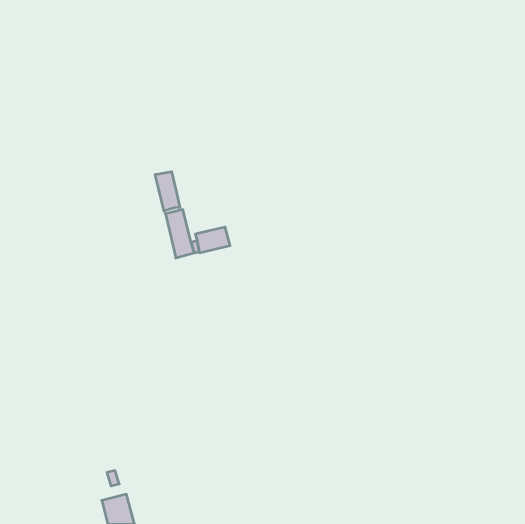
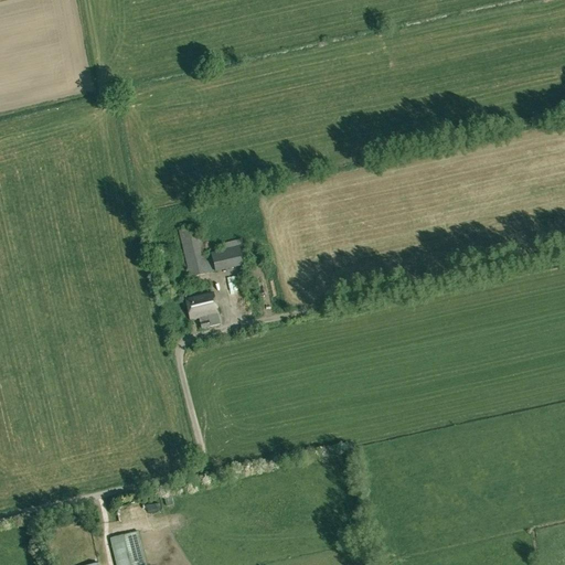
building: [155,172,180,211] -> none
building: none -> [185,292,221,329]

